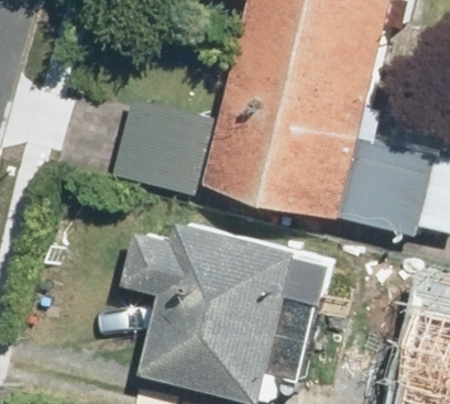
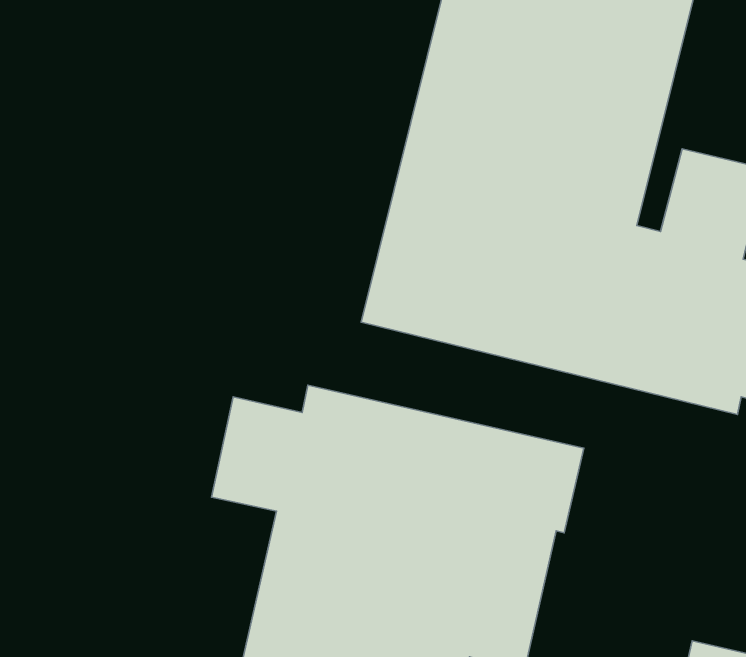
building: [113,100,213,197] -> none

